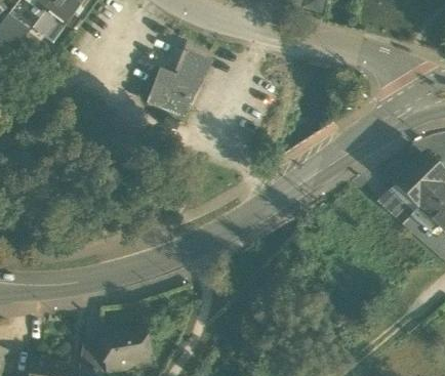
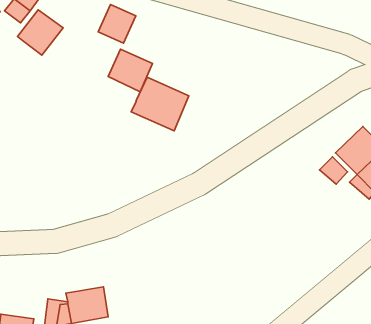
building: none -> [18,10,63,55]
building: [170,42,211,84] -> [98,5,136,43]
building: none -> [131,77,189,131]

